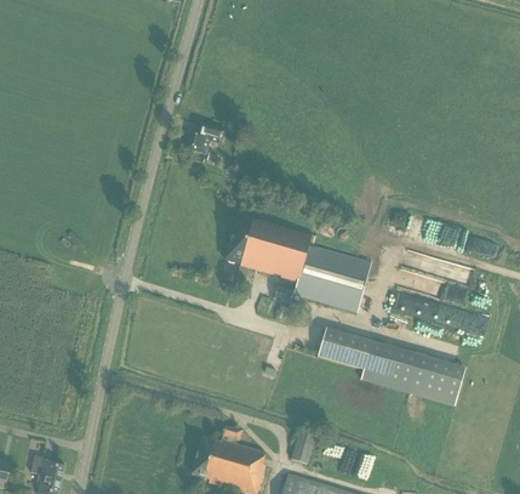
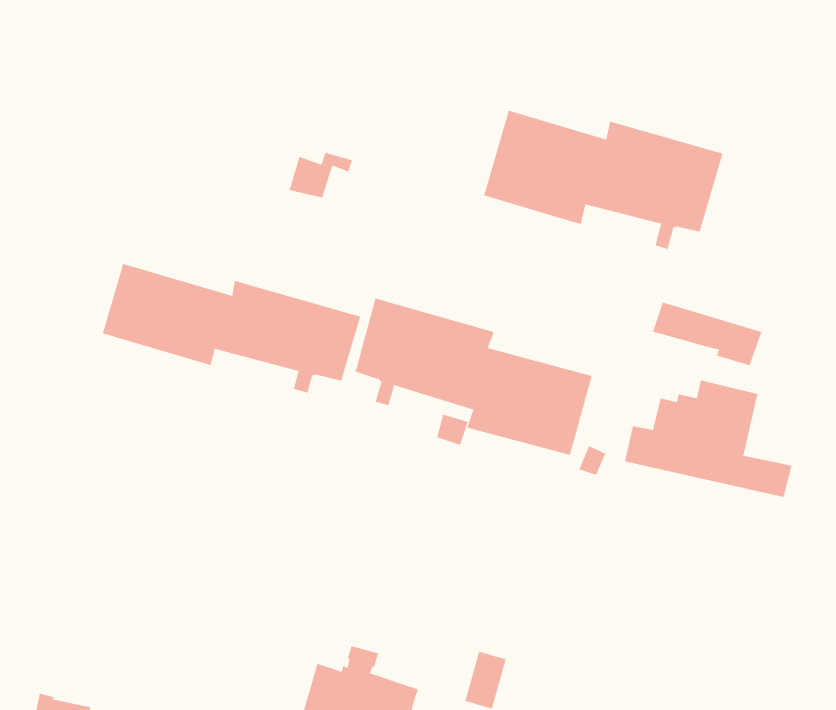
building: none -> [483,110,723,250]
building: none -> [102,263,361,394]
building: [318,327,464,405] -> none

